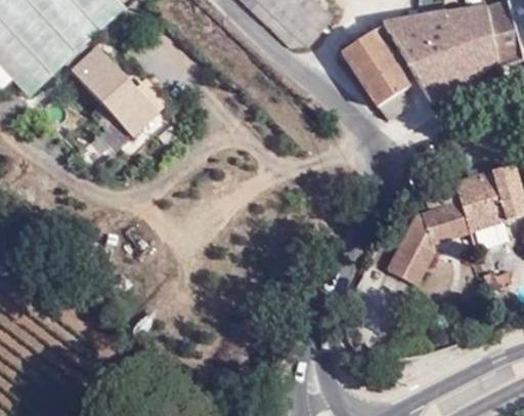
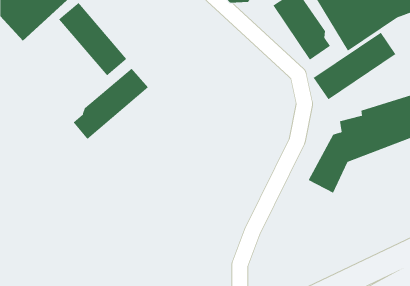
building: none -> [313,32,396,100]
building: none -> [73,68,149,140]

